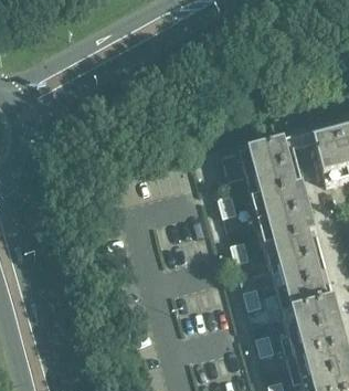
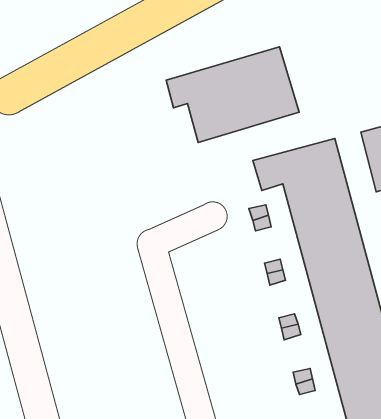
building: none -> [166,47,299,143]

